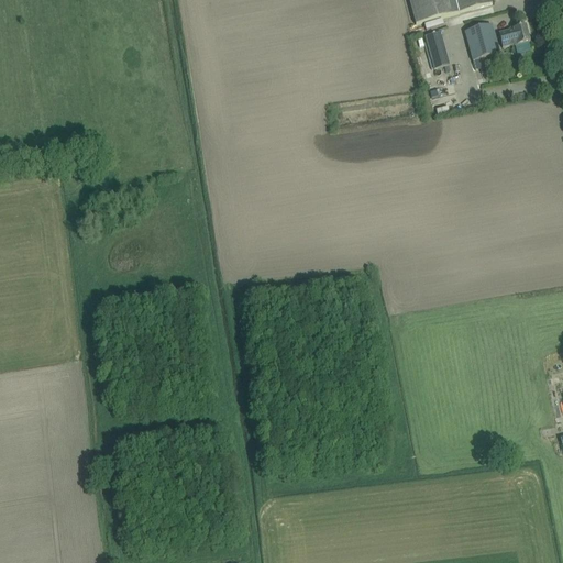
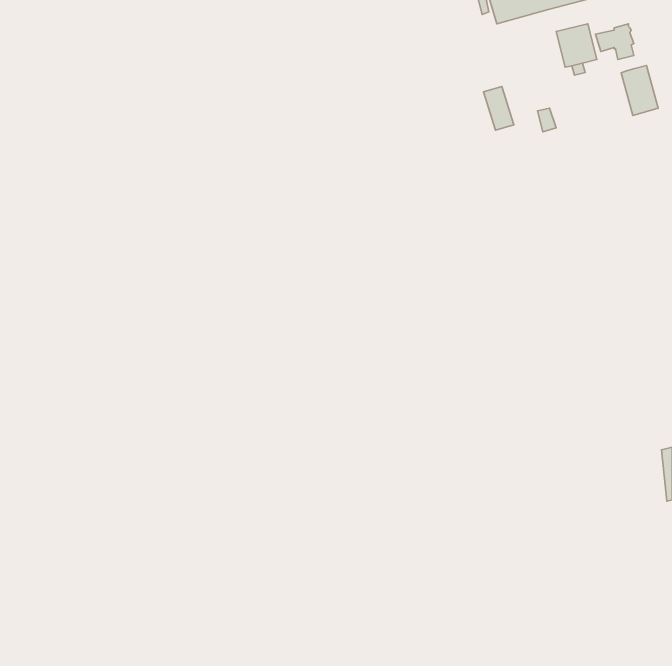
building: [428,31,453,67] -> [483,87,514,130]
building: none -> [621,66,658,115]

